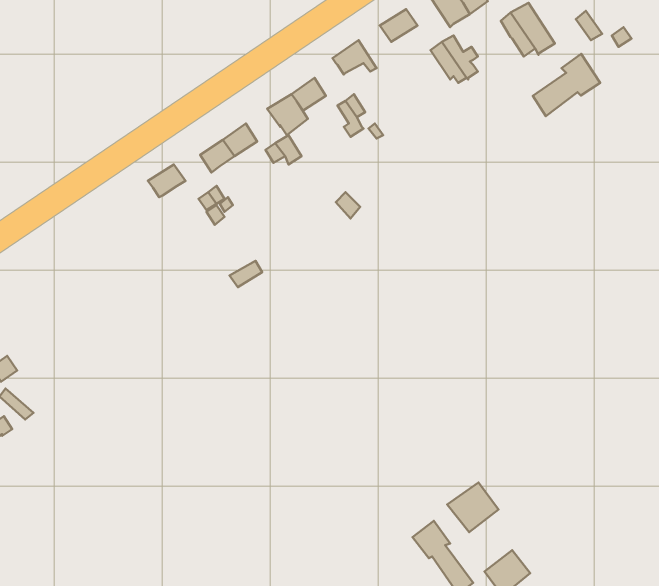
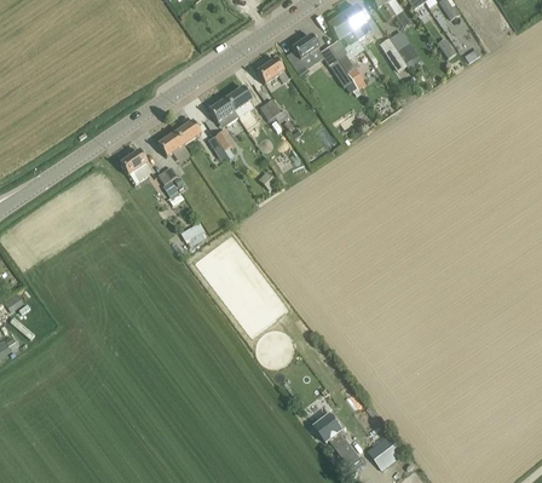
building: [533,54,600,116] -> none
building: [447,482,499,532] -> none

